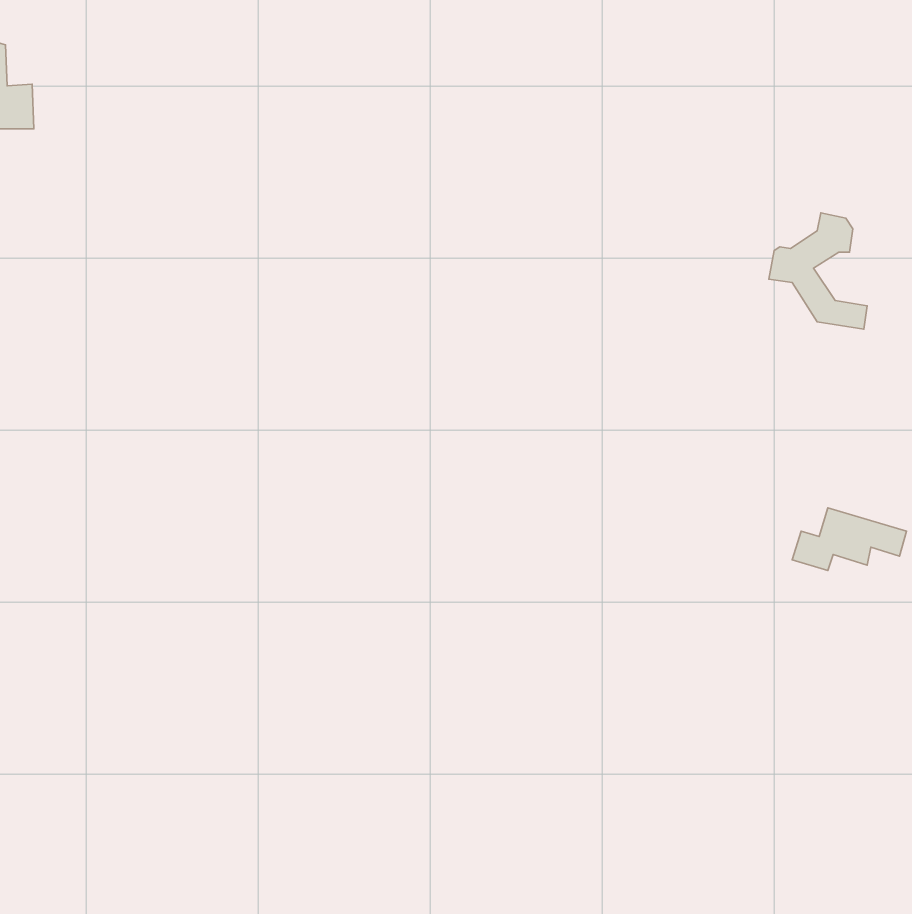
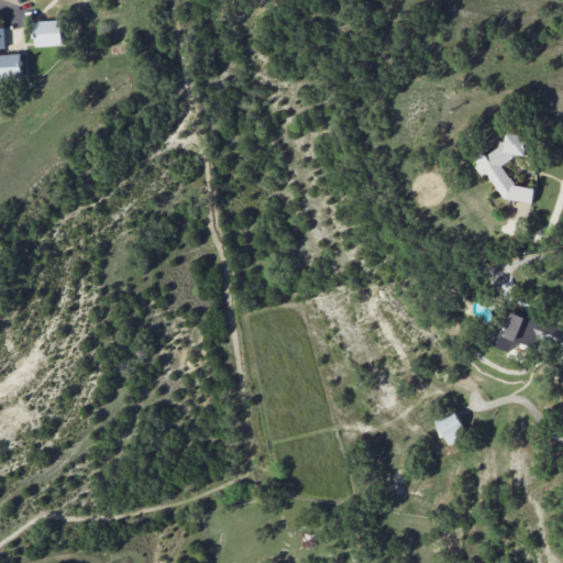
building: none -> [33,20,62,46]
building: none -> [437,413,466,444]

